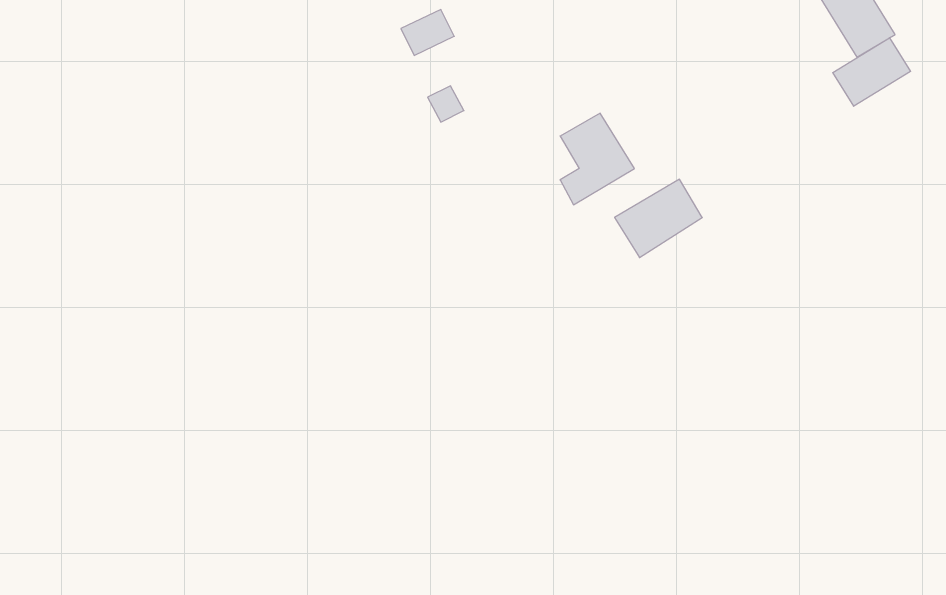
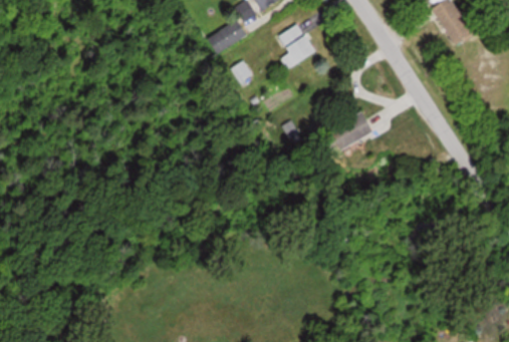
building: [833,38,911,106] -> none
building: [560,113,634,205] -> [277,23,316,71]

